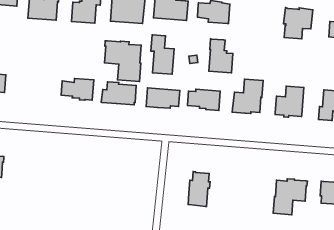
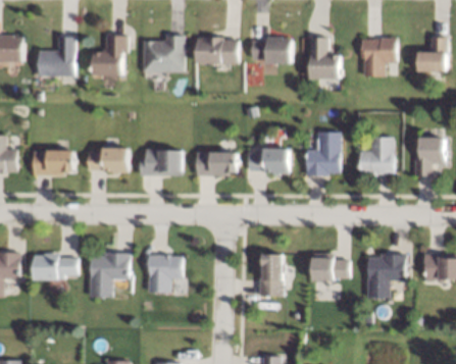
building: [151,35,174,74] -> none
building: [209,39,233,73] -> [310,38,340,79]
building: [105,41,141,82] -> none
building: none -> [34,150,73,174]
building: none -> [34,252,78,279]
building: none -> [89,252,131,297]
building: none -> [148,254,181,292]
building: none -> [311,252,348,280]

